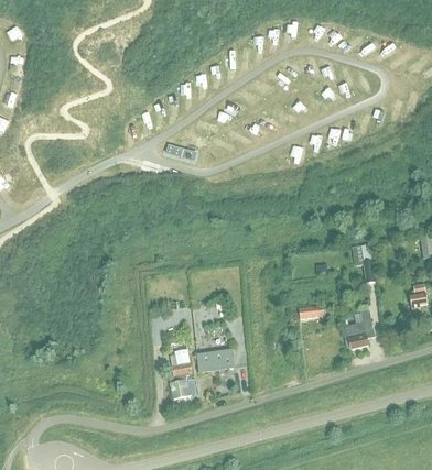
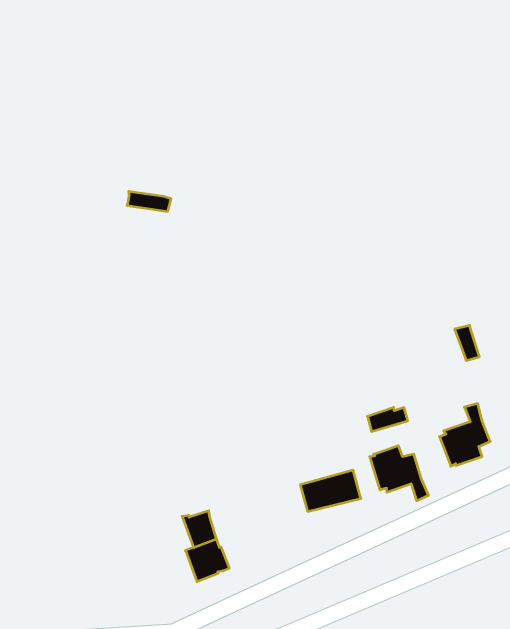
building: none -> [370,446,428,501]
building: [196,348,234,370] -> [300,470,361,511]

